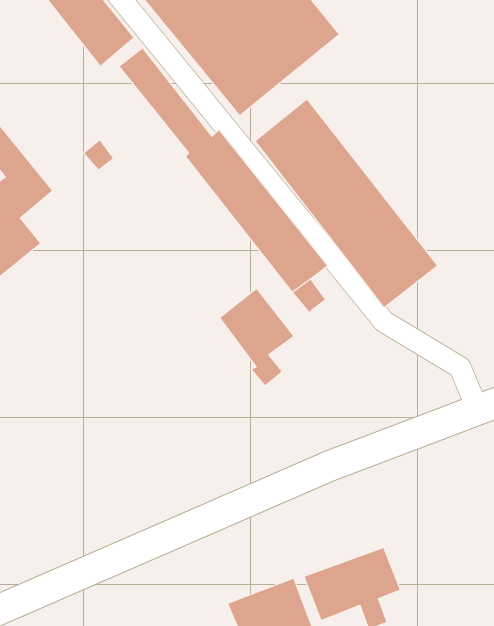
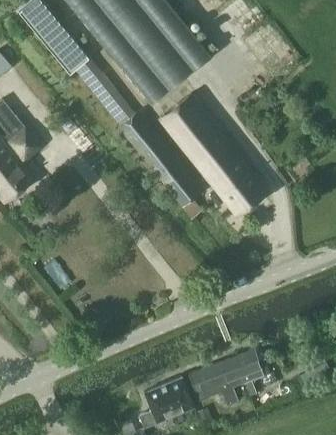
building: [219,288,294,386] -> none
building: none -> [236,350,269,394]

